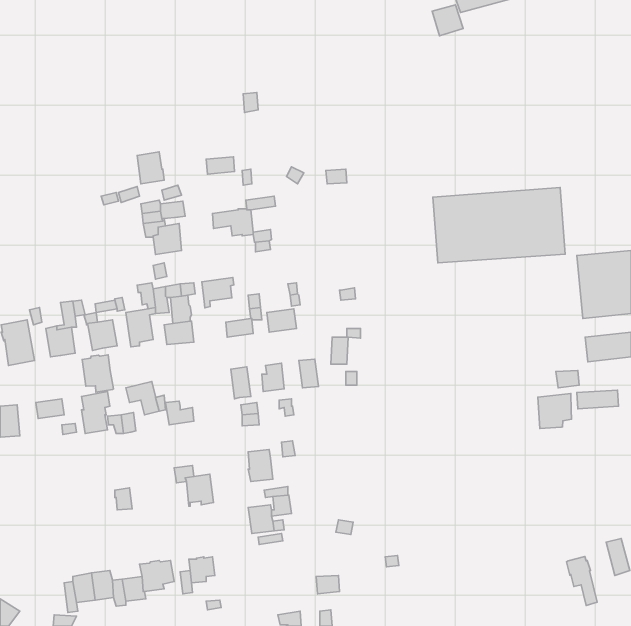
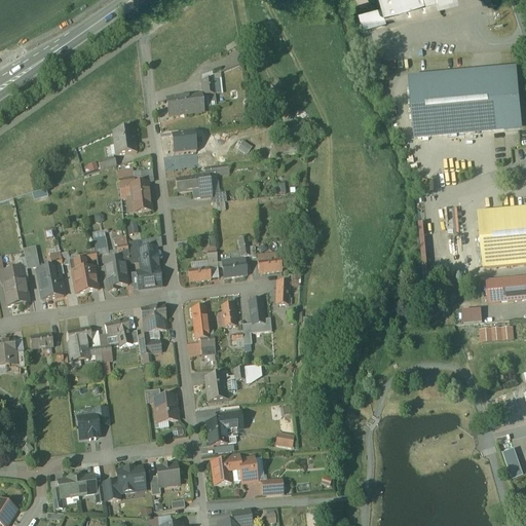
building: none -> [166,92,204,114]
building: [433,187,565,263] -> [411,72,521,135]
building: [202,277,234,308] -> none
building: none -> [258,252,281,272]
building: [82,355,114,392] -> none
building: none -> [142,304,165,338]
building: [538,394,572,428] -> none
building: none -> [77,414,100,439]
building: none -> [212,455,257,484]
building: [566,557,597,606] -> none

